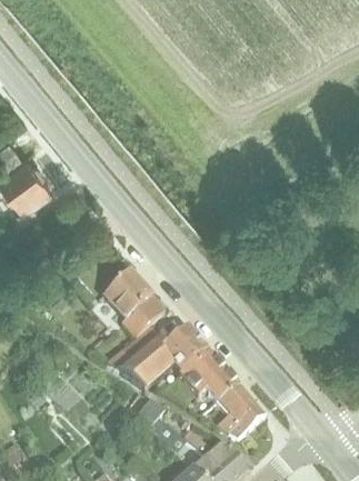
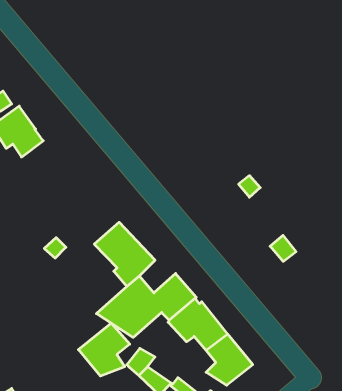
building: none -> [78,323,130,376]

